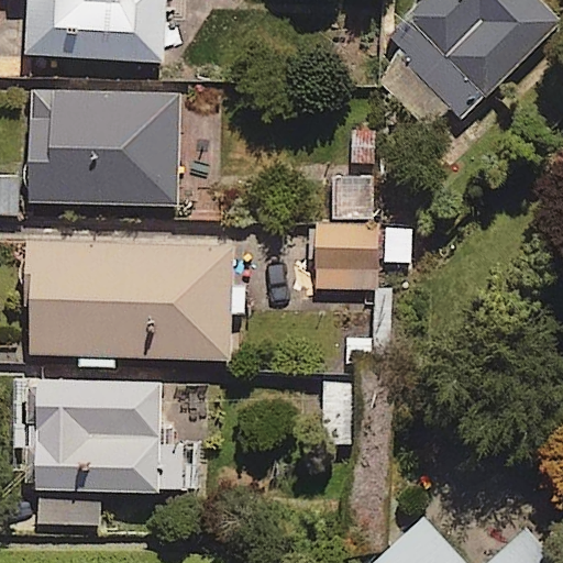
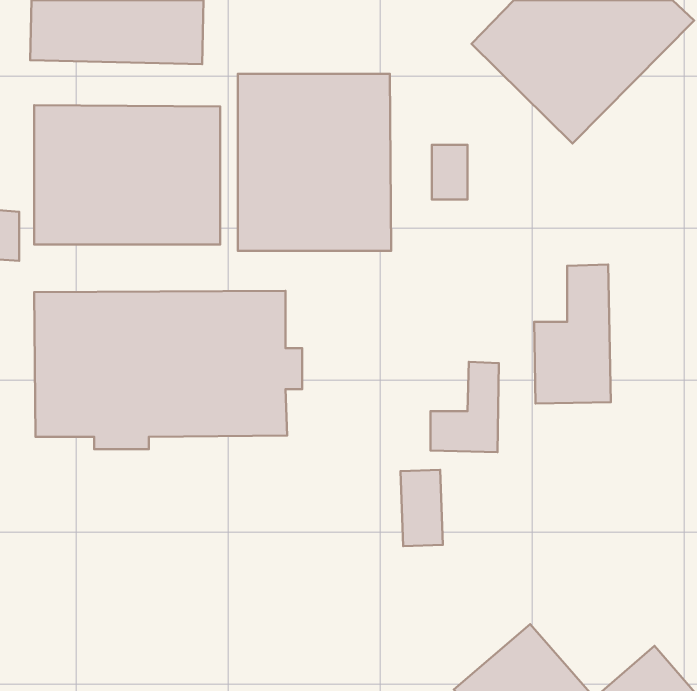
building: none -> [238,74,391,251]
building: [314,178,376,290] -> [534,264,611,404]
building: [24,379,181,526] -> none

